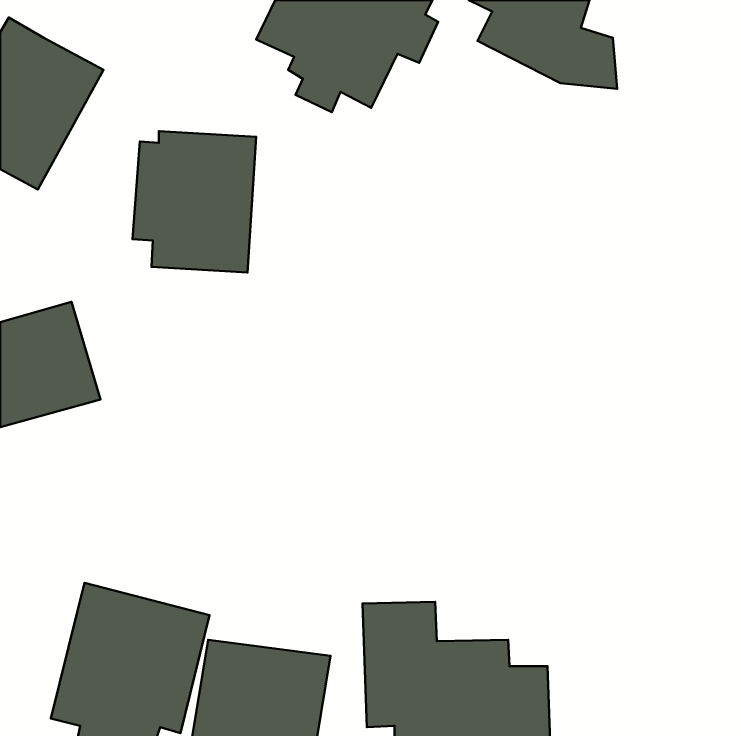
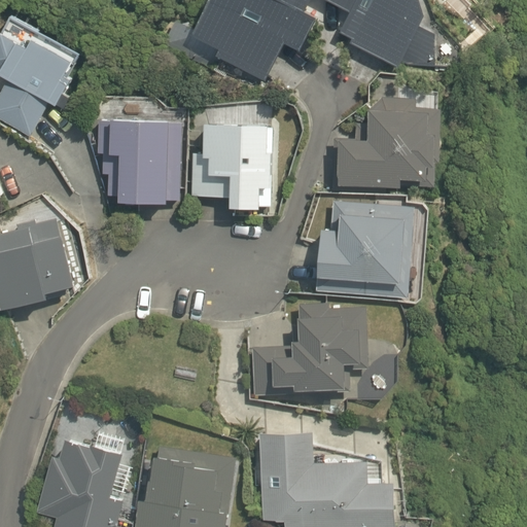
building: none -> [336,104,435,187]
building: none -> [190,120,274,212]
building: none -> [318,204,415,298]
building: none -> [256,304,405,410]

